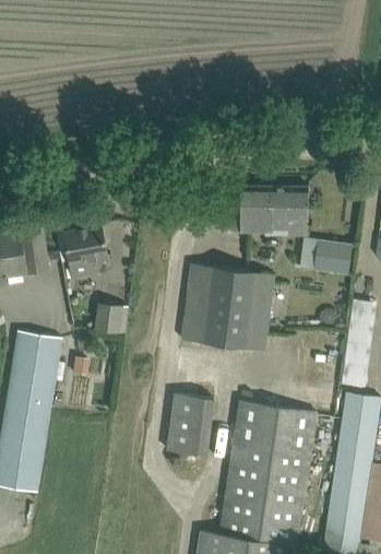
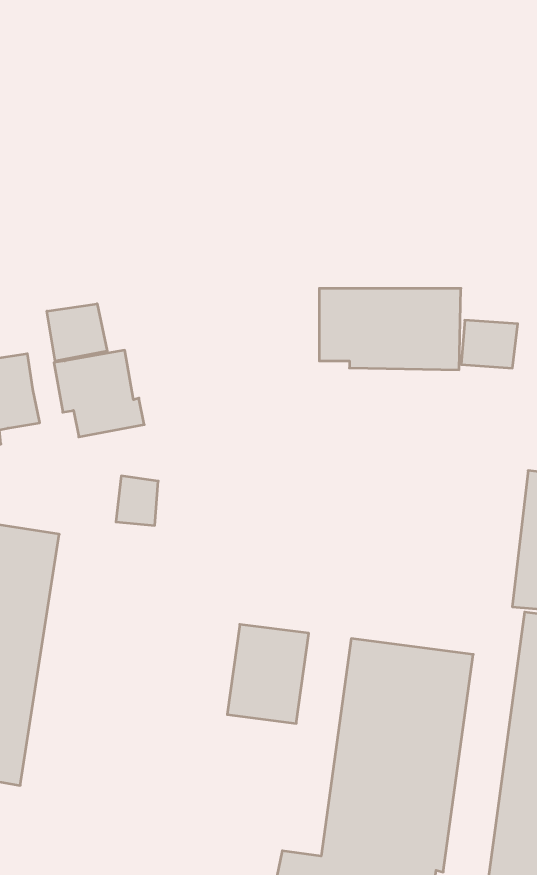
building: none -> [47,304,107,361]
building: [315,244,350,273] -> [461,320,518,368]
building: [181,264,269,349] -> none

